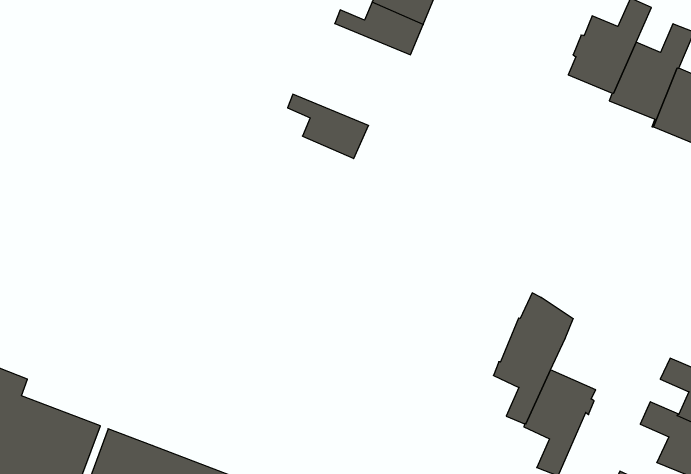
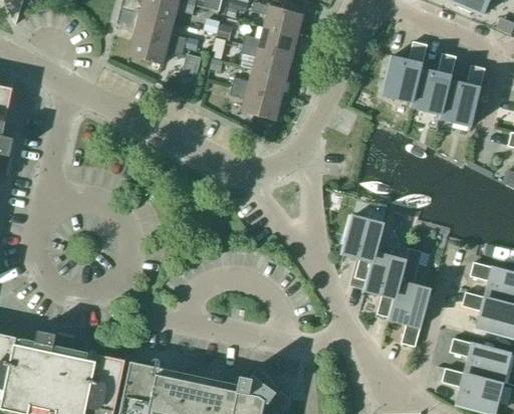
building: [288,94,369,159] -> [229,86,281,121]
building: none -> [341,215,383,281]

